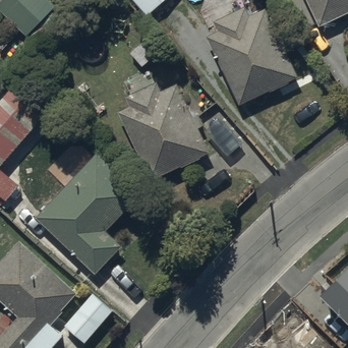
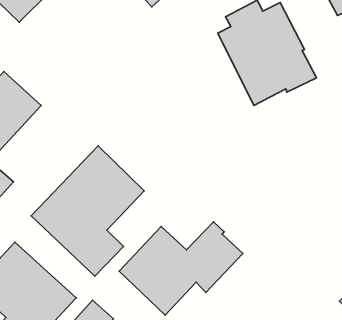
building: [117,81,209,178] -> none
building: none -> [119,222,243,315]

